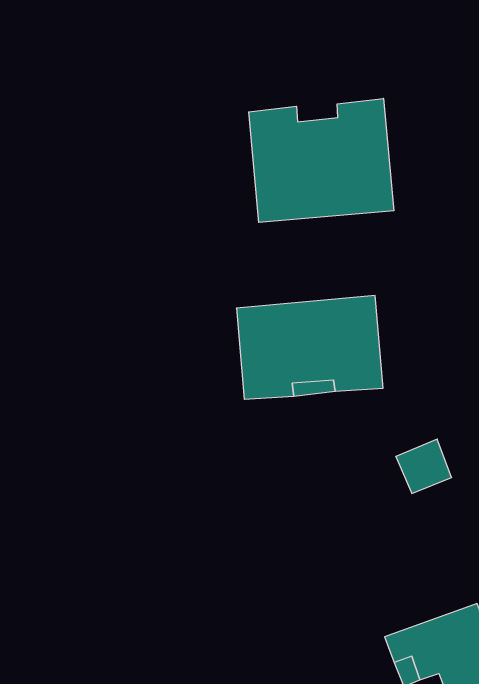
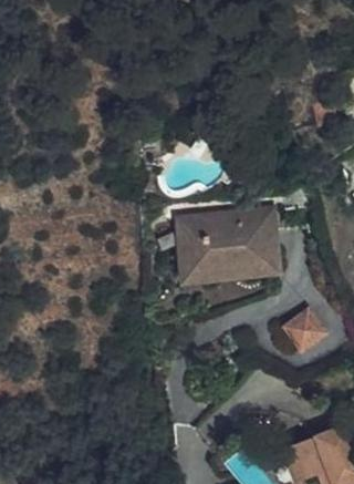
building: [249,98,394,222] -> none

